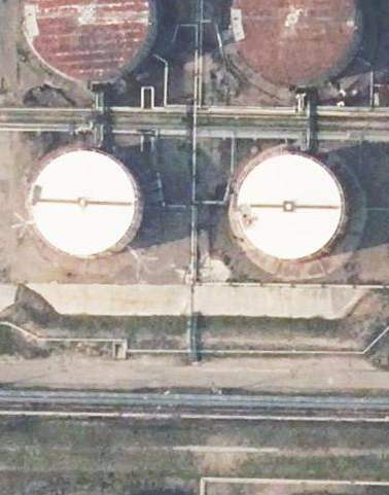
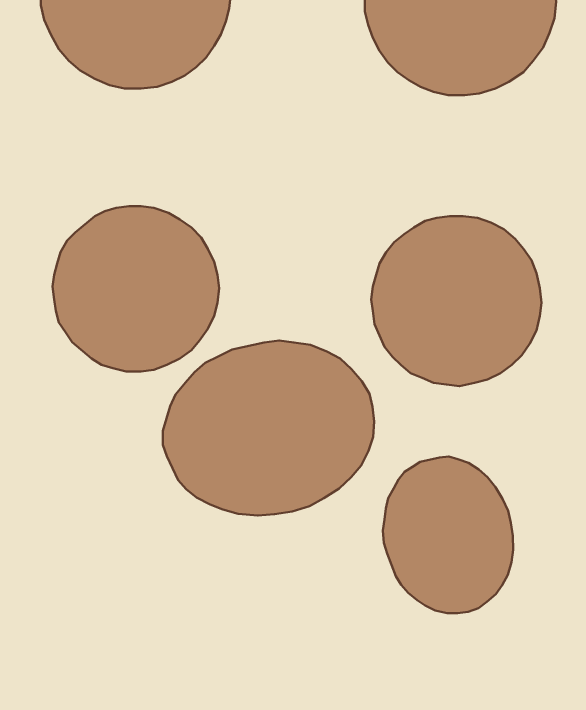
building: none -> [163,341,374,515]
building: none -> [383,457,513,613]

